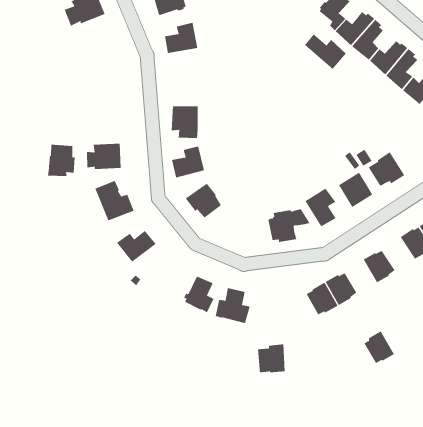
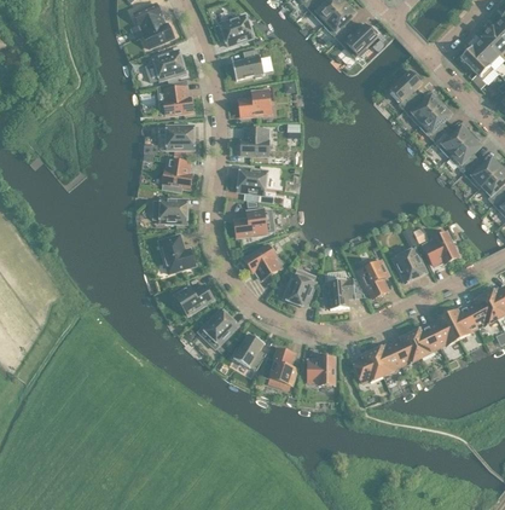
building: none -> [157,79,192,115]
building: [304,33,346,70] -> none
building: none -> [242,128,268,155]
building: none -> [167,124,193,149]
building: [47,144,76,176] -> [162,158,191,191]
building: none -> [283,268,315,306]
building: none -> [429,314,459,346]
building: none -> [202,308,237,348]
building: [364,331,395,364] -> [391,332,420,364]
building: [257,344,286,373] -> [308,357,335,383]

